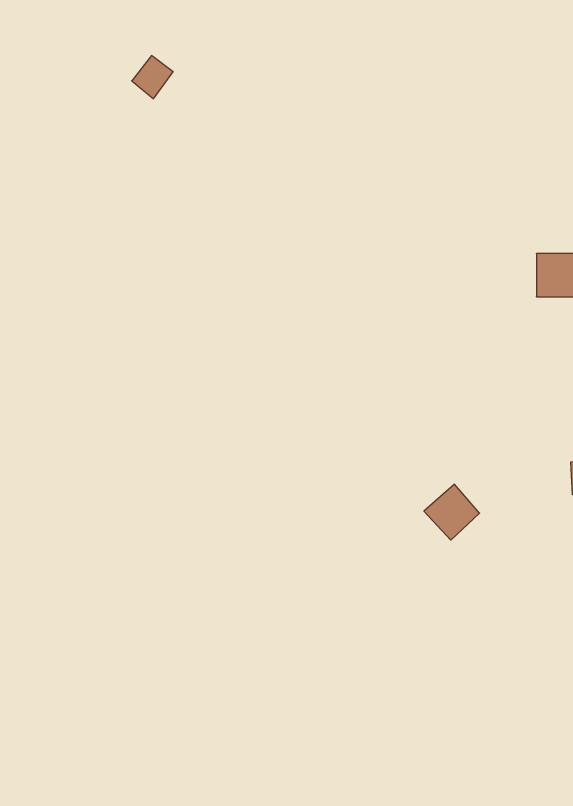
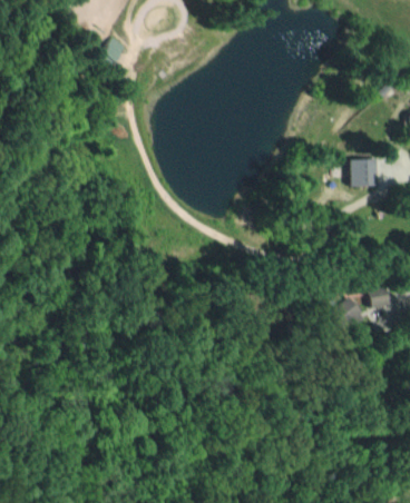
building: [424,484,480,540] -> [331,295,365,329]

